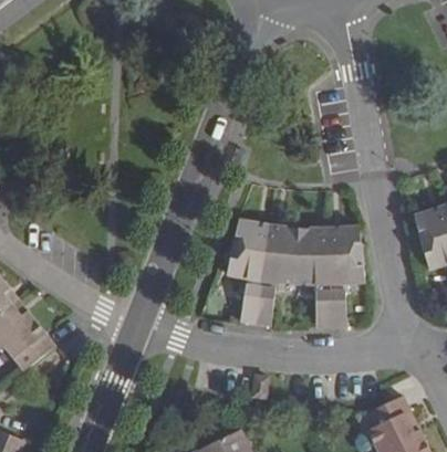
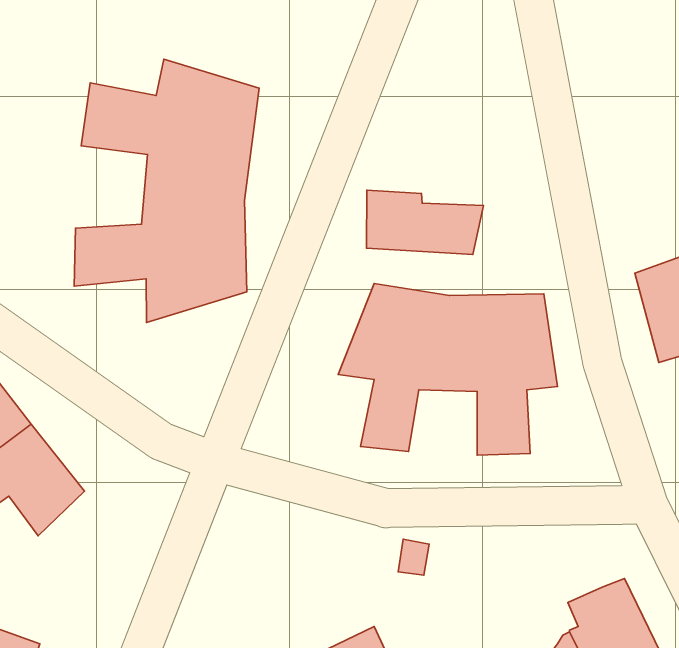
building: none -> [74,59,259,322]
building: none -> [366,190,483,254]

